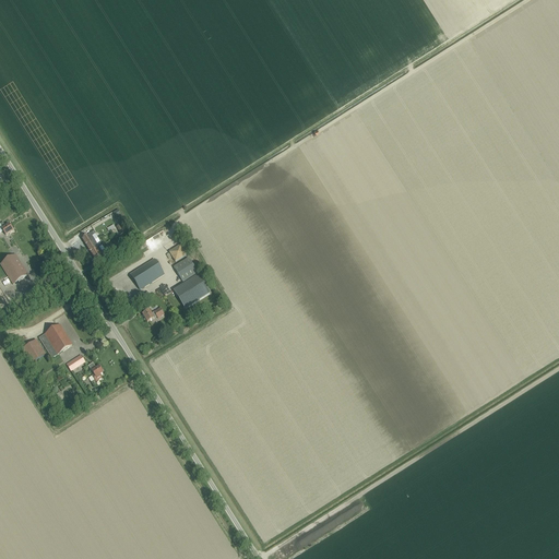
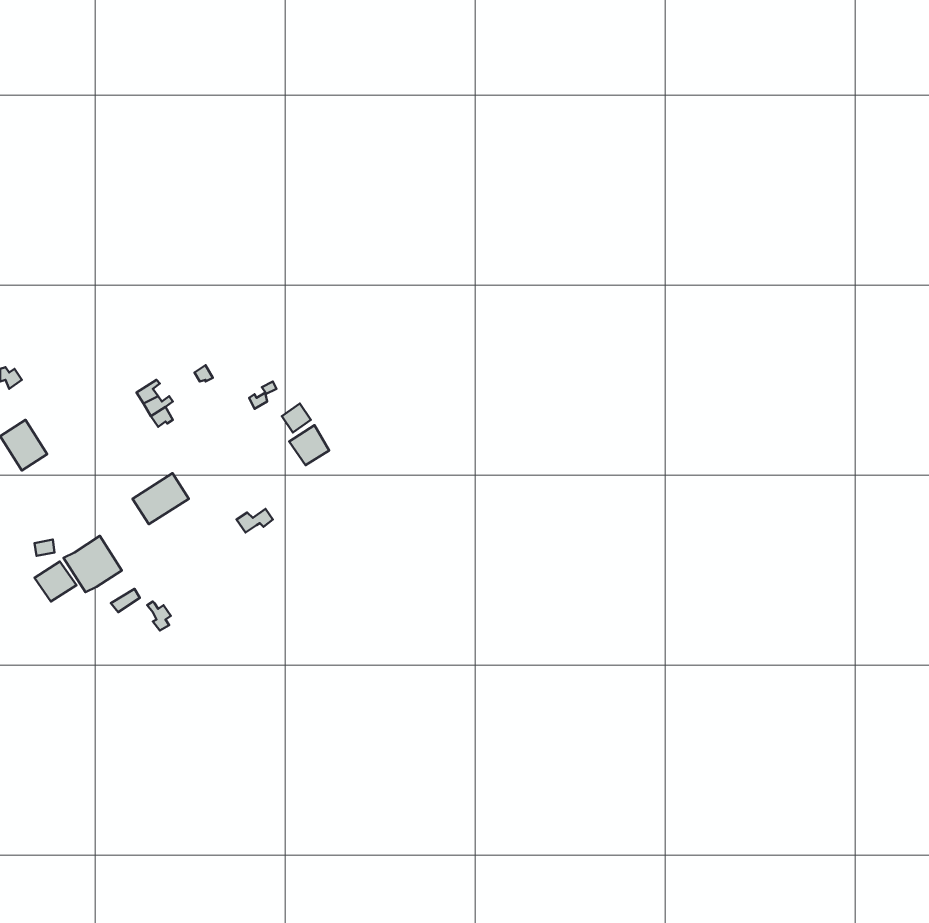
building: [130,257,164,287] -> [133,473,189,524]
building: [175,273,210,306] -> none

